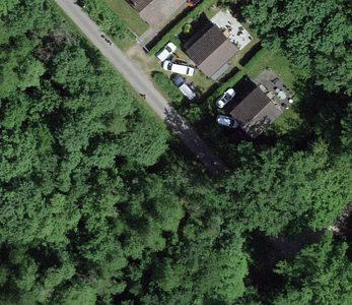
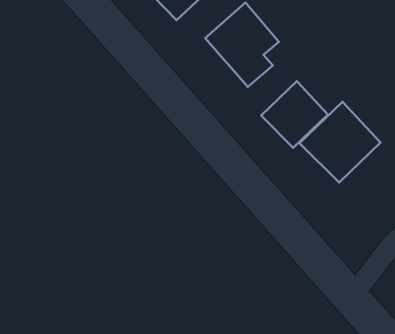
building: none -> [300,102,380,182]

